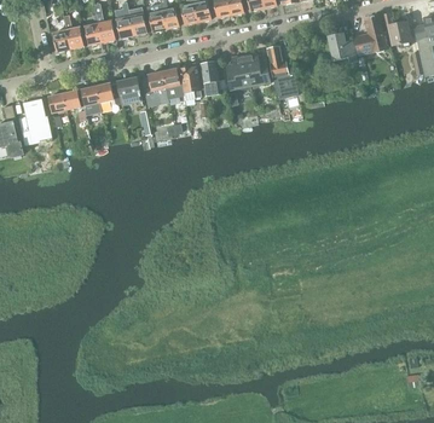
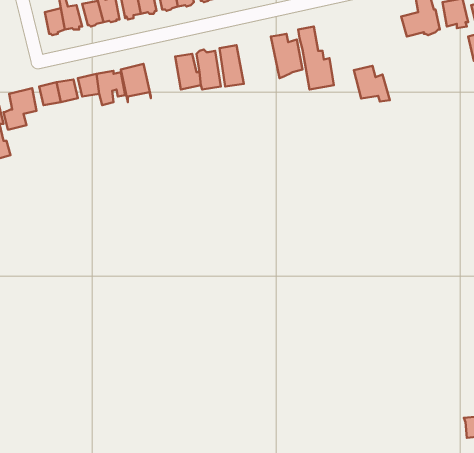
building: [328,31,358,62] -> [354,66,390,101]
building: [225,53,251,89] -> none
building: [143,70,168,103] -> none

